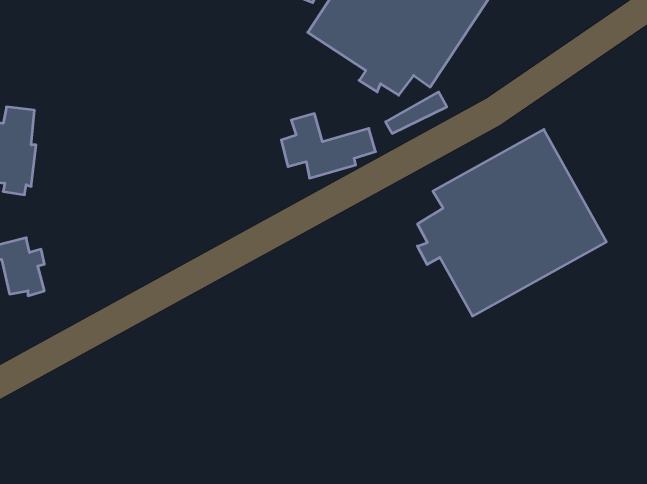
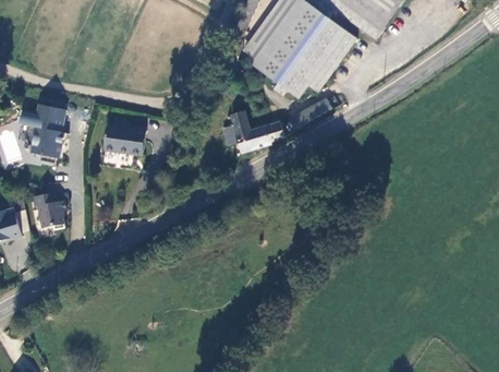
building: [417,129,606,316] -> none
building: none -> [104,124,144,157]

